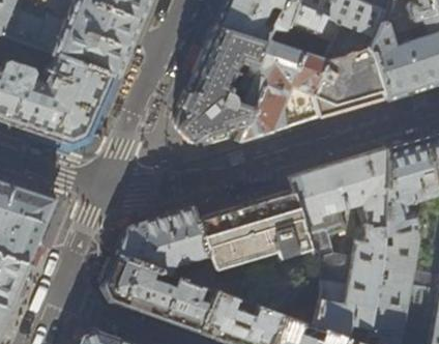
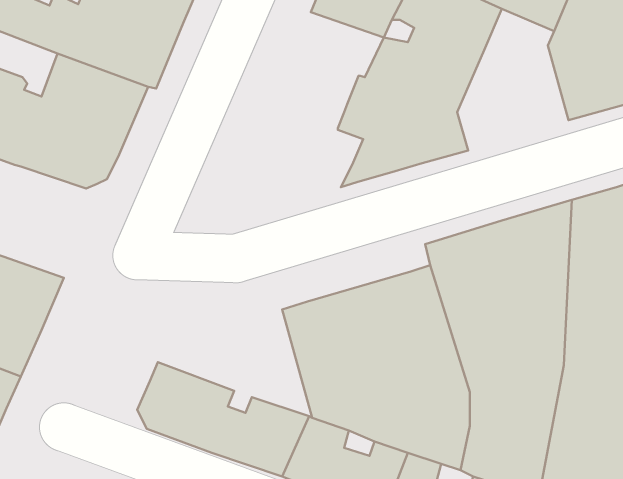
building: [176,28,265,142] -> none
building: [313,40,385,118] -> none
building: [118,208,218,292] -> none

